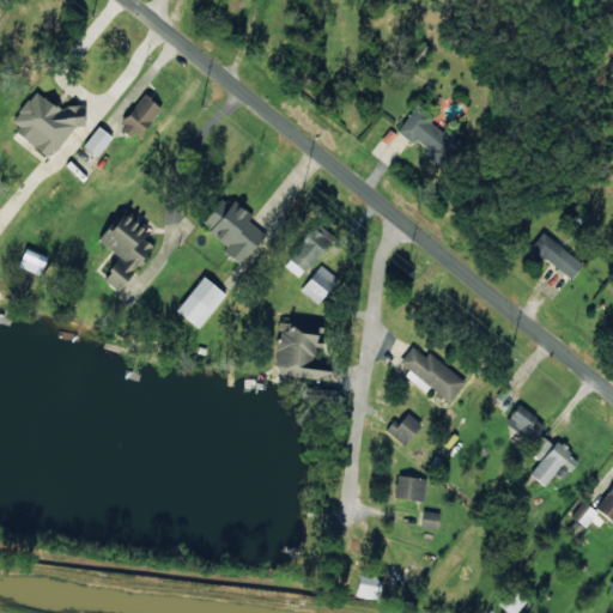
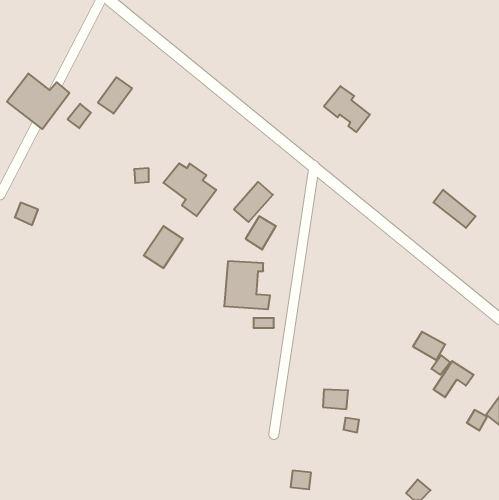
building: [101,210,154,292] -> none
building: [401,346,466,405] -> none
building: [386,413,423,447] -> none

